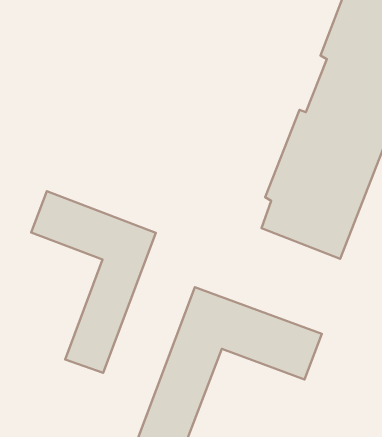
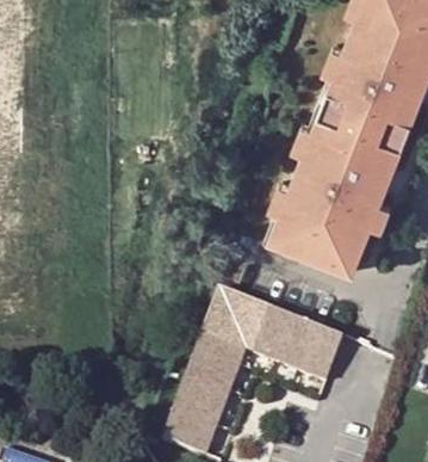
building: [31,191,156,373] -> none

